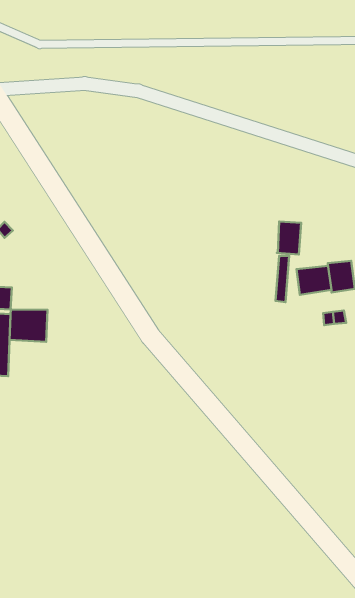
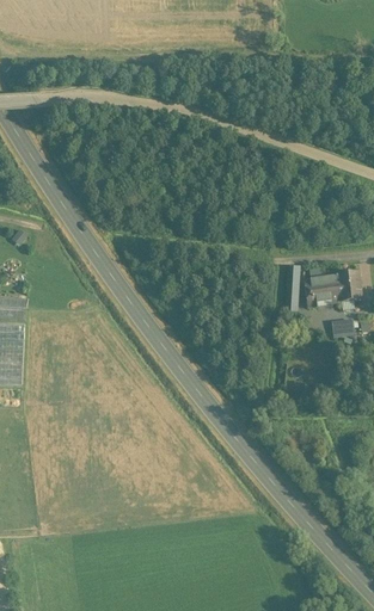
building: [277,221,301,254] -> none
building: [9,308,47,342] -> none

